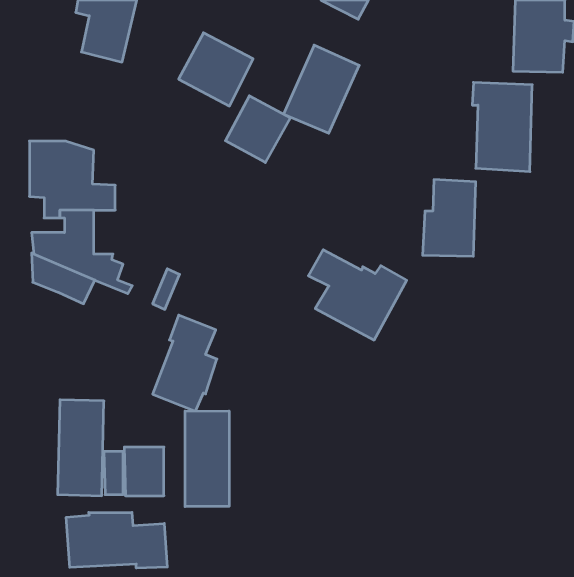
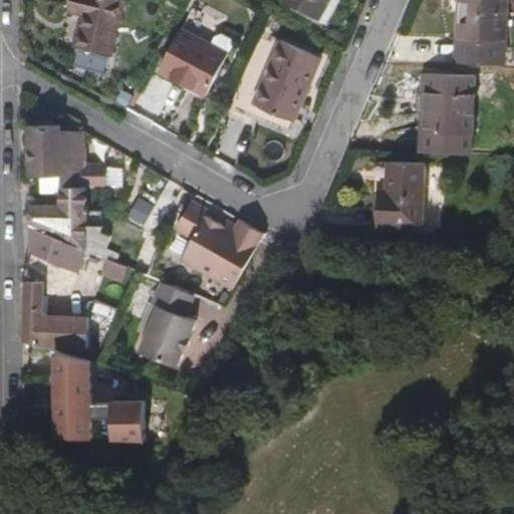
building: [225,96,291,163] -> none
building: [308,250,407,340] -> [174,206,261,286]
building: none -> [19,285,93,349]
building: [185,411,229,507] -> none
building: [66,512,167,568] -> none

